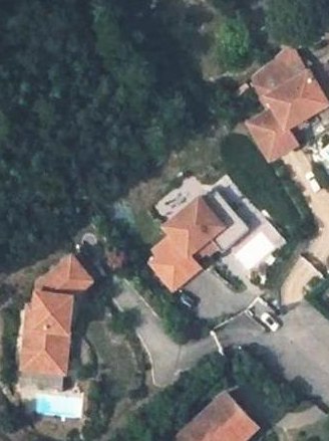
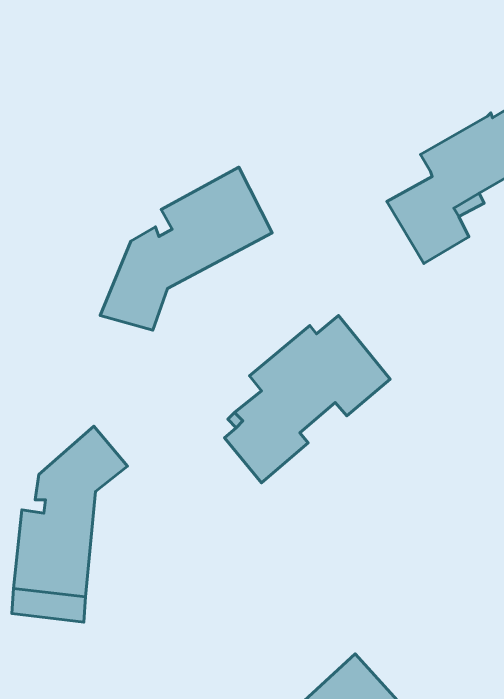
building: [248,42,307,108] -> none
building: none -> [100,167,272,330]

